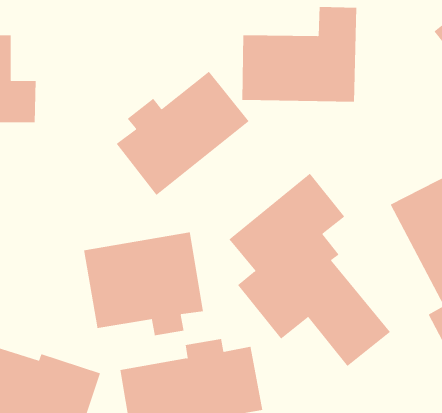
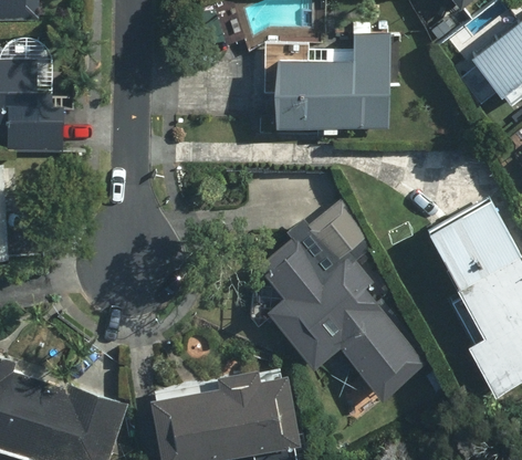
building: [116,71,249,196] -> none
building: [83,231,203,336] -> none

